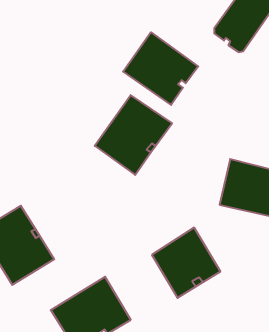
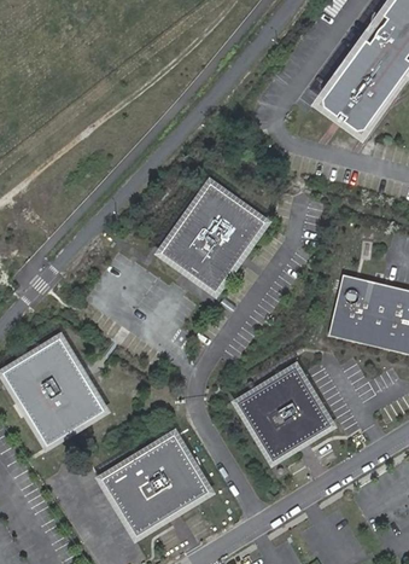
building: [123,32,198,105] -> none

